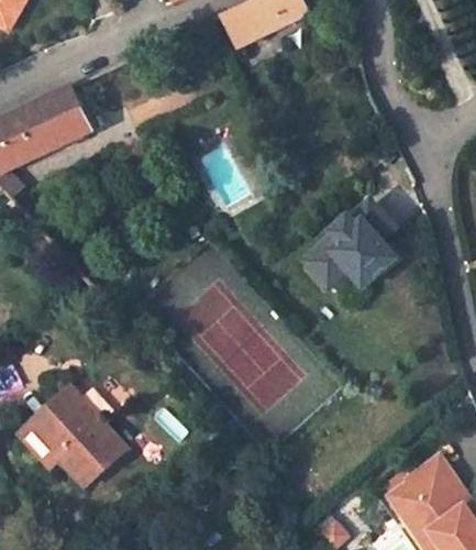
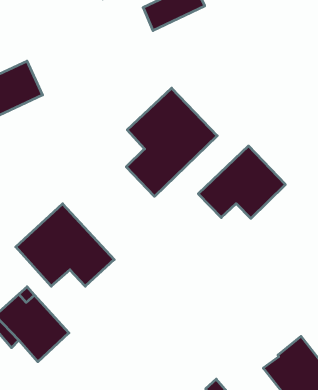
building: none -> [126,88,217,196]
building: none -> [16,204,114,286]

